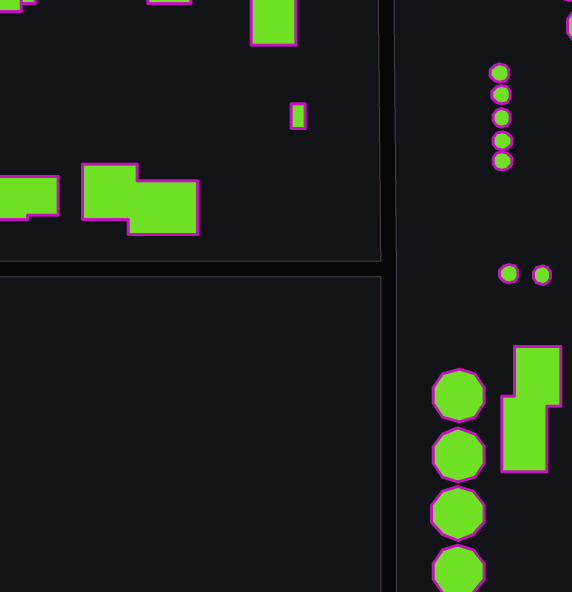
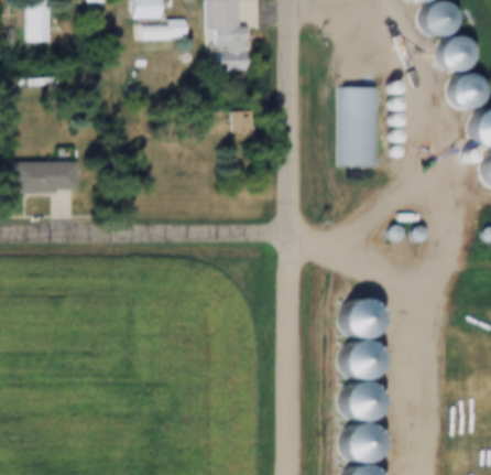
building: none -> [343,87,379,164]
building: [83,164,197,234] -> none
building: [502,346,561,472] -> none

